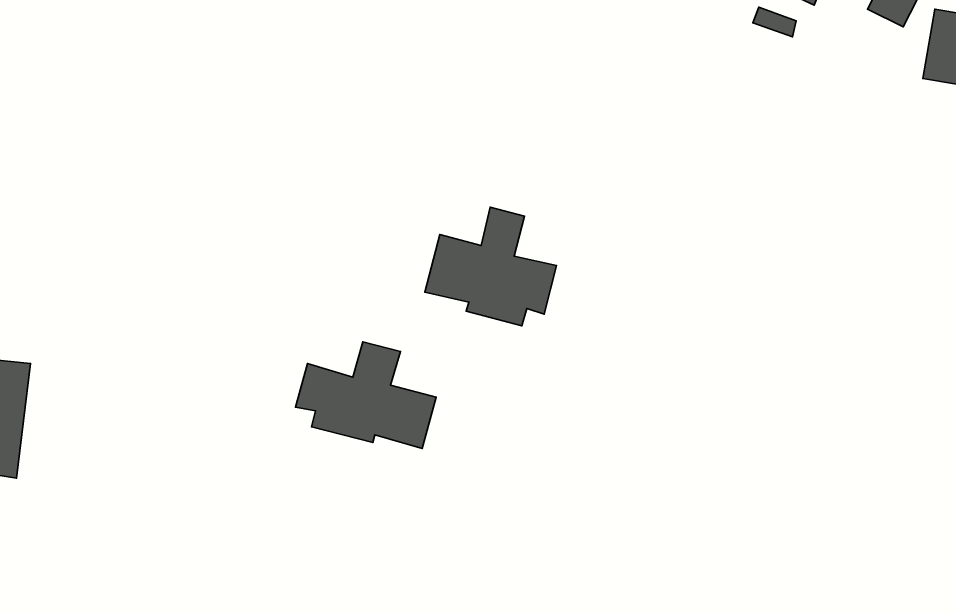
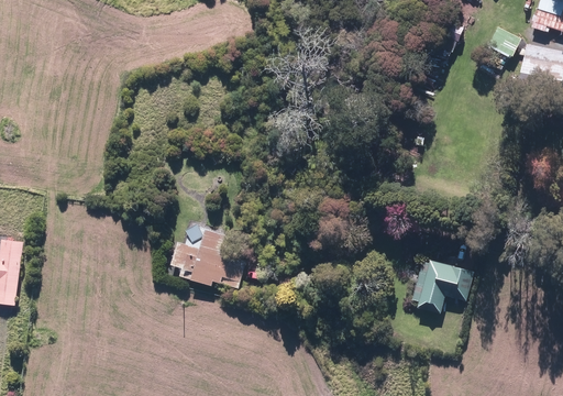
building: [425,207,557,326] -> none
building: none -> [411,260,473,312]

